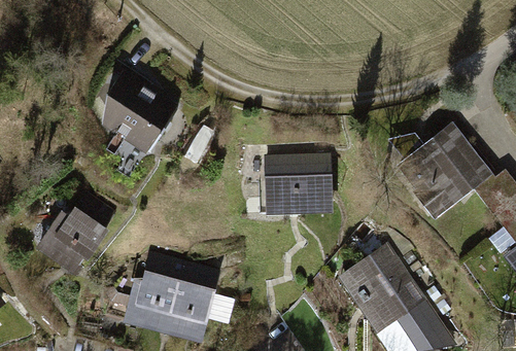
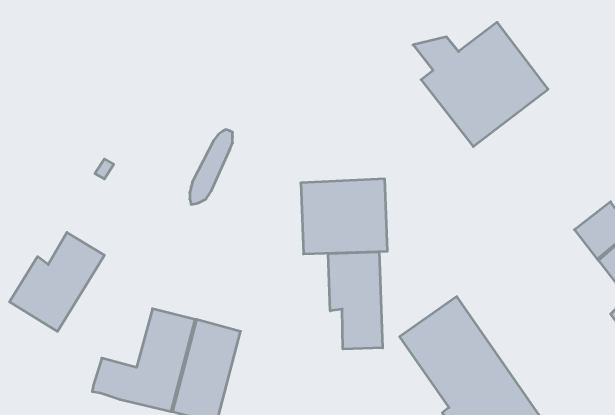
building: [107,71,179,154] -> none
building: [387,122,491,218] -> [413,22,548,147]
building: none -> [328,252,383,349]

